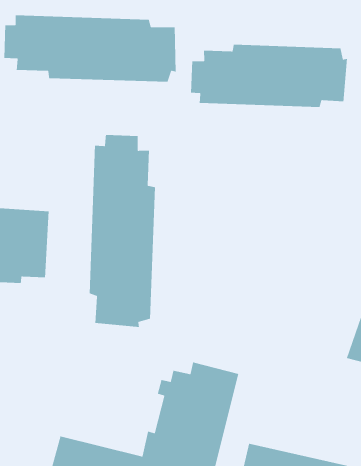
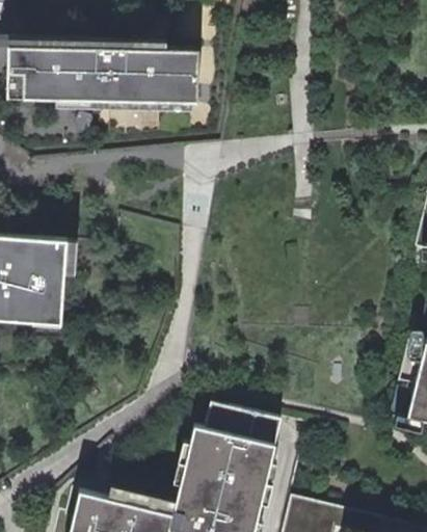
building: [190,44,348,108] -> none
building: [89,134,156,328] -> none

